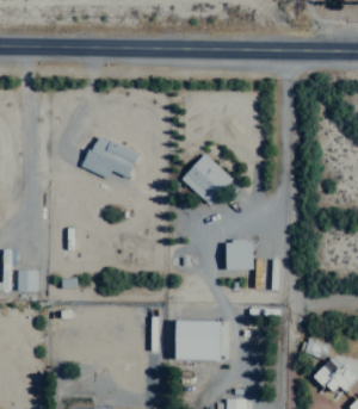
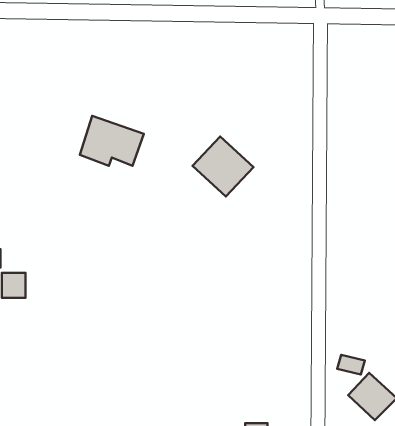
building: [226,241,254,269] -> none
building: [175,321,222,361] -> none

